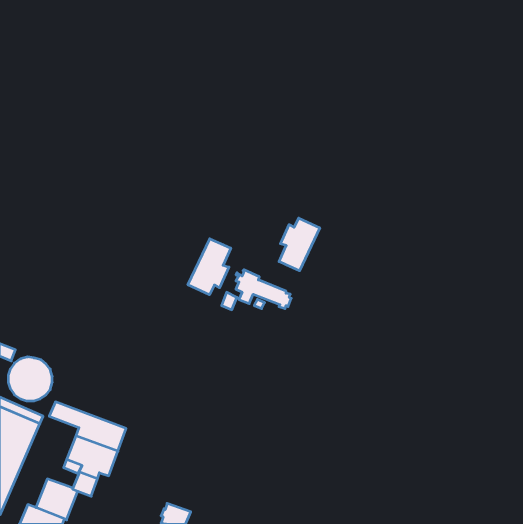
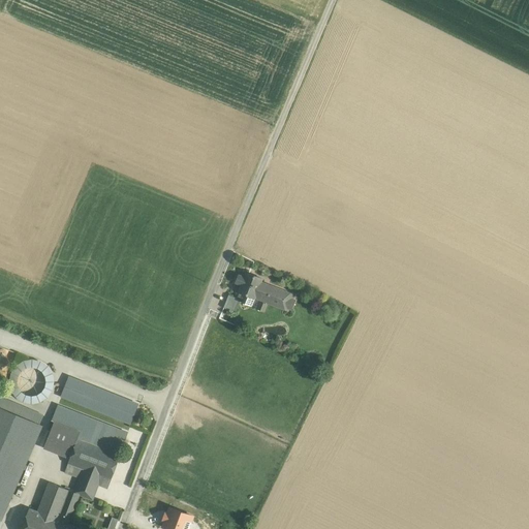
building: [279,218,320,271] -> none
building: [188,239,231,295] -> none
building: none -> [60,376,137,424]
building: none -> [41,419,80,455]

